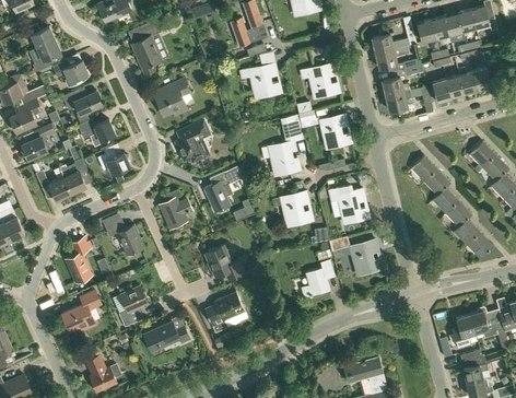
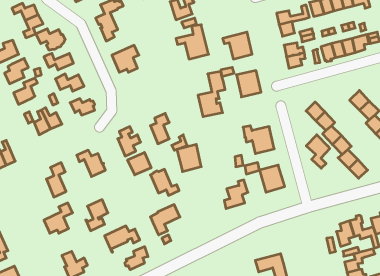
building: [175,118,210,162] -> none
building: [280,190,313,226] -> [177,144,201,172]
building: none -> [306,135,330,168]
building: none -> [128,152,151,175]
building: none -> [125,247,148,270]

